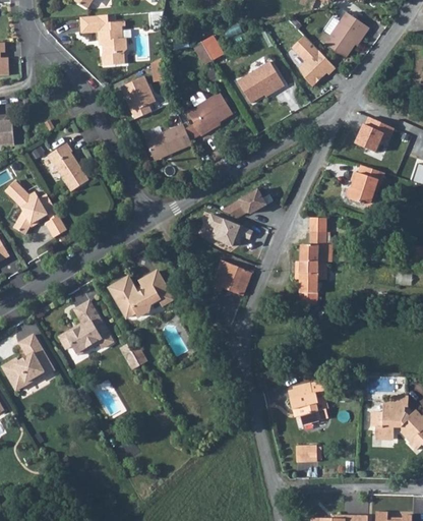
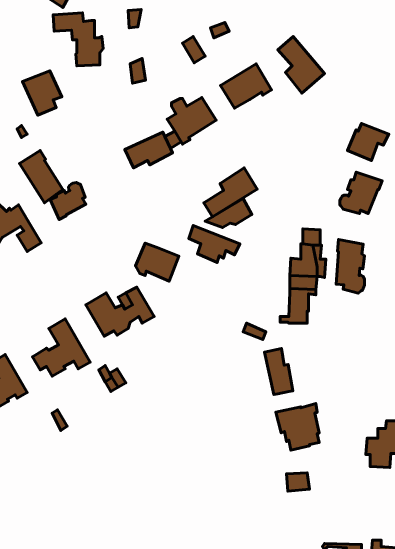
building: [322,12,367,57] -> none
building: [119,76,156,118] -> [23,71,62,115]
building: none -> [204,168,257,217]
building: none -> [50,183,86,220]
building: none -> [336,239,365,293]
building: [210,259,251,295] -> [135,243,179,281]
building: none -> [265,349,293,394]

